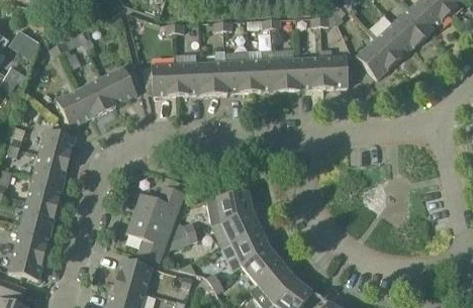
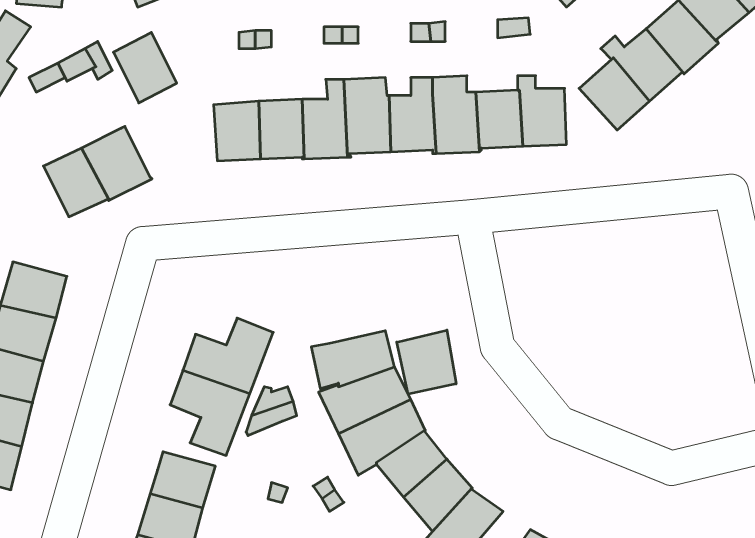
building: [102,66,137,105] -> [113,32,177,103]
building: [39,128,76,161] -> none
building: none -> [397,330,456,394]

